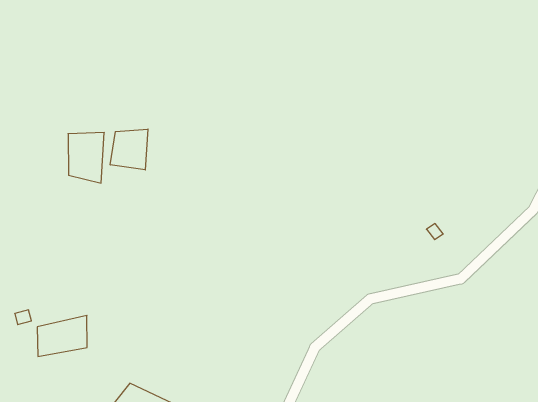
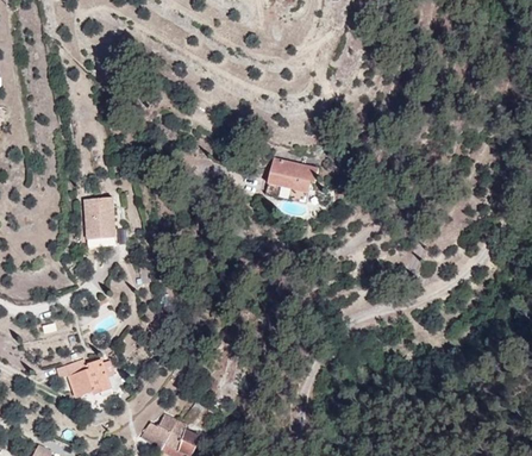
building: none -> [259,158,323,194]
building: [110,129,148,170] -> none

